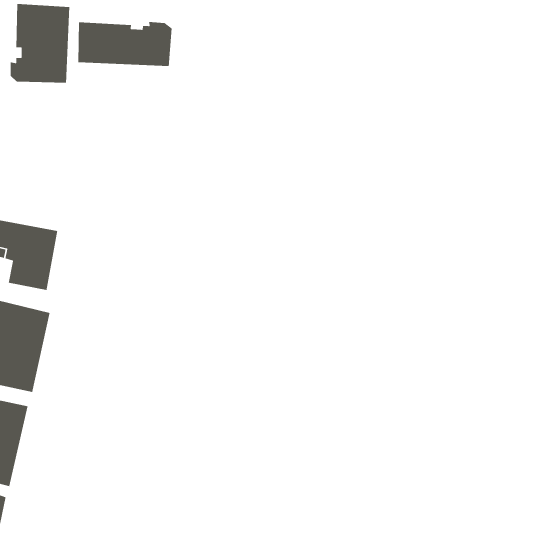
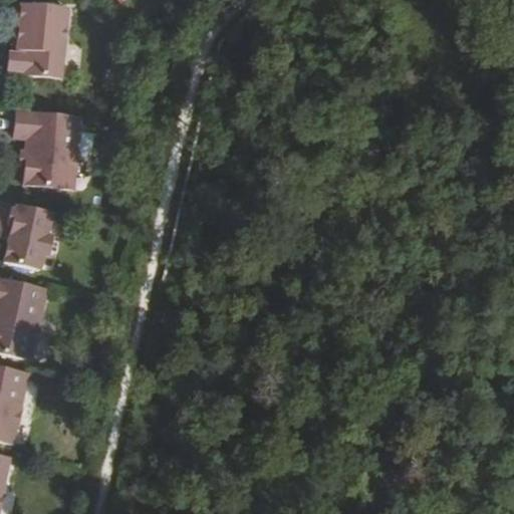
building: [77,21,172,67] -> none
building: none -> [18,110,83,191]

